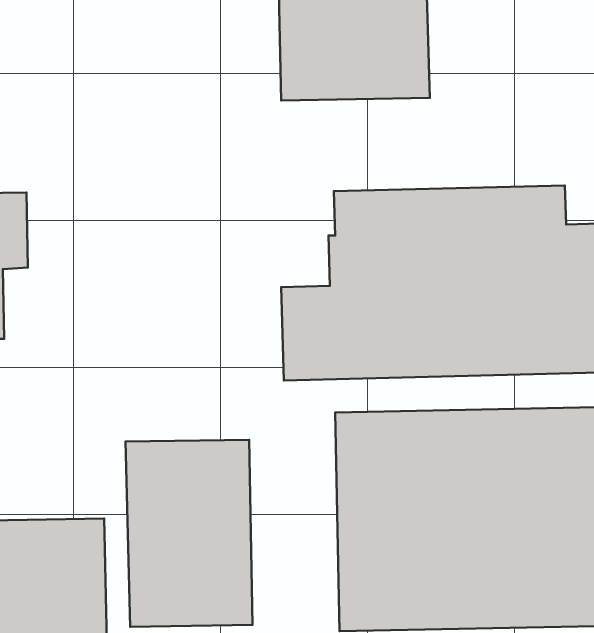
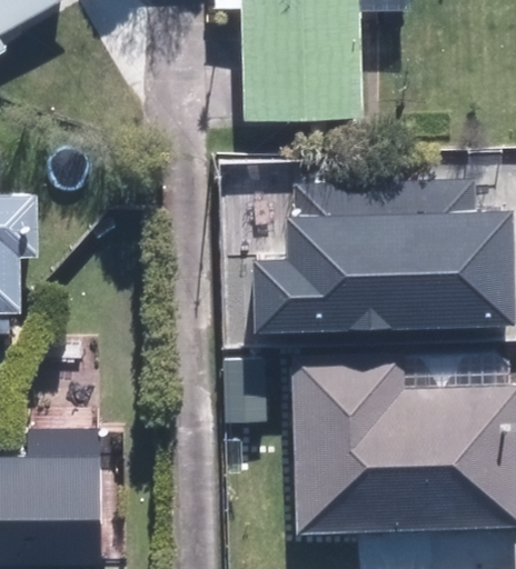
building: [126,440,253,627] -> none

